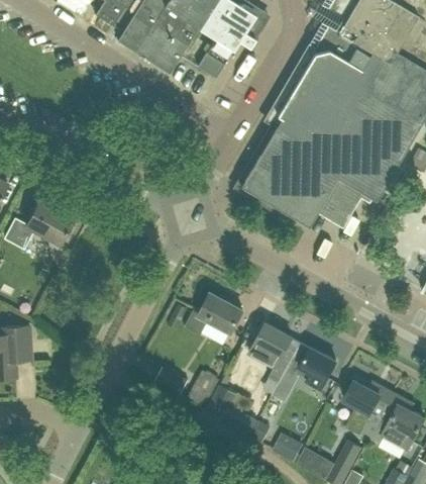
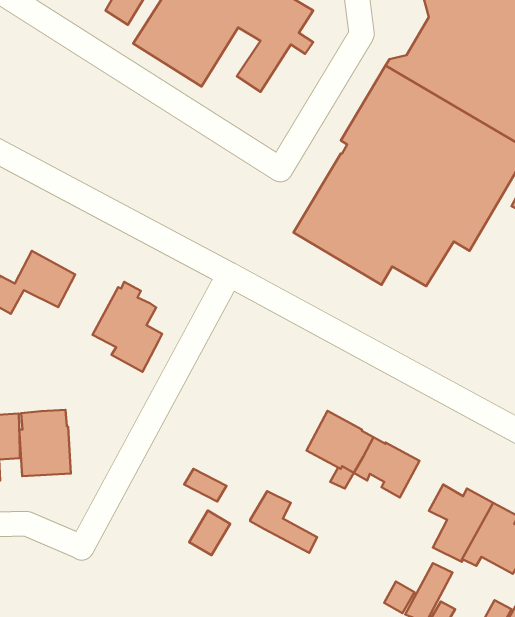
building: none -> [93,282,162,372]
building: [187,293,244,334] -> none
building: none -> [19,410,71,476]
building: [187,371,218,405] -> [189,511,230,555]
building: [273,432,304,462] -> none

